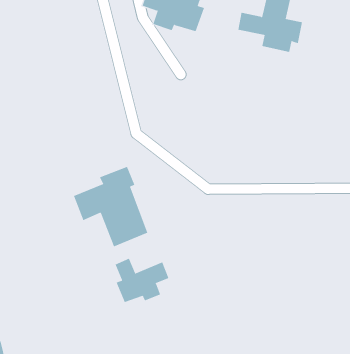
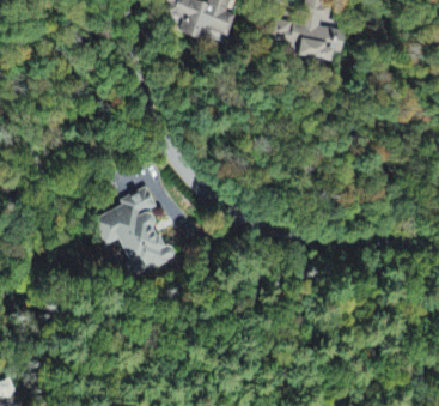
building: [115,258,169,303] -> none

